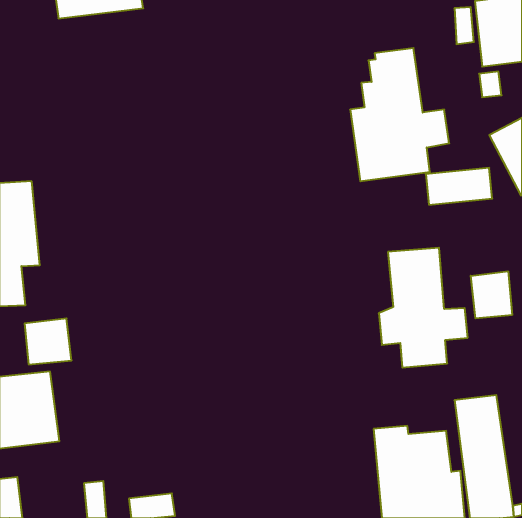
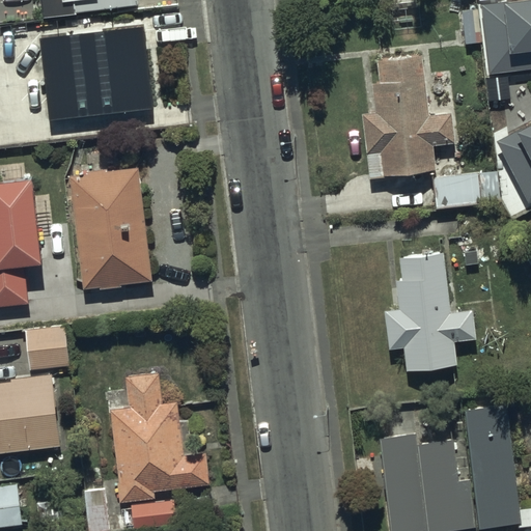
building: none -> [45,34,158,120]
building: none -> [68,168,151,292]
building: [471,271,512,318] -> none
building: none -> [112,376,214,503]

